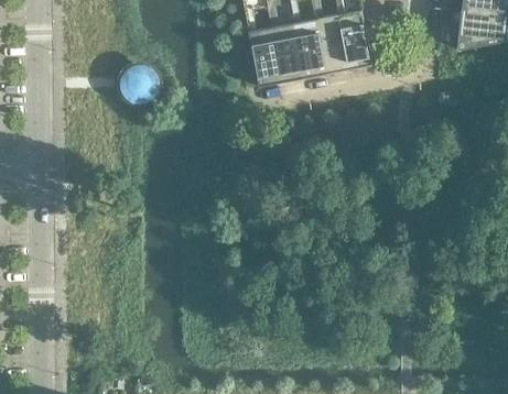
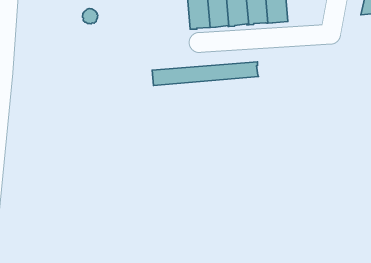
building: none -> [152,62,258,85]

